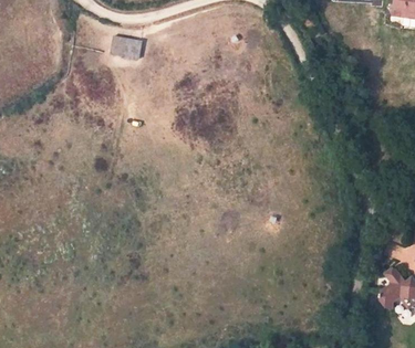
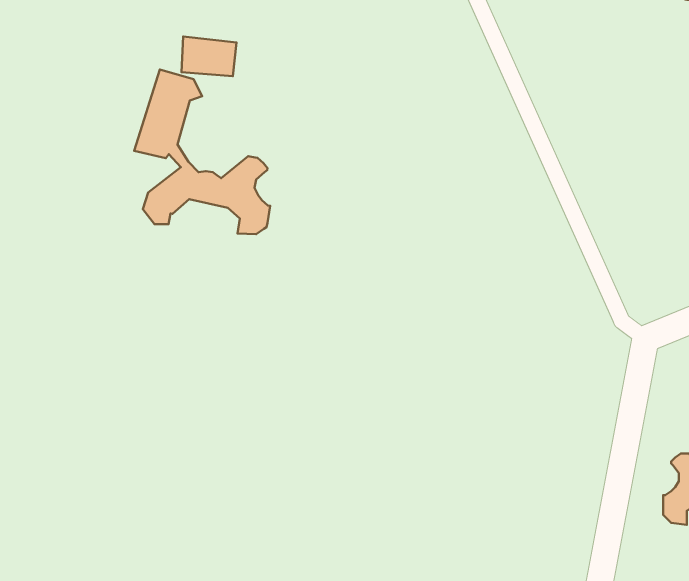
building: none -> [134,69,270,234]

